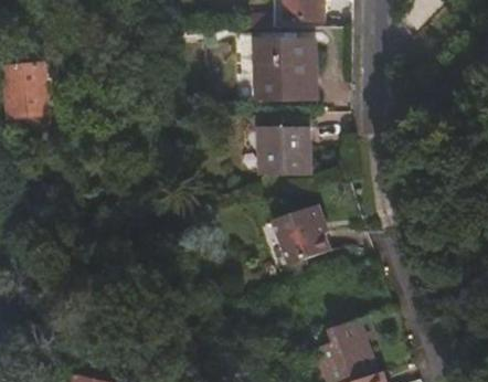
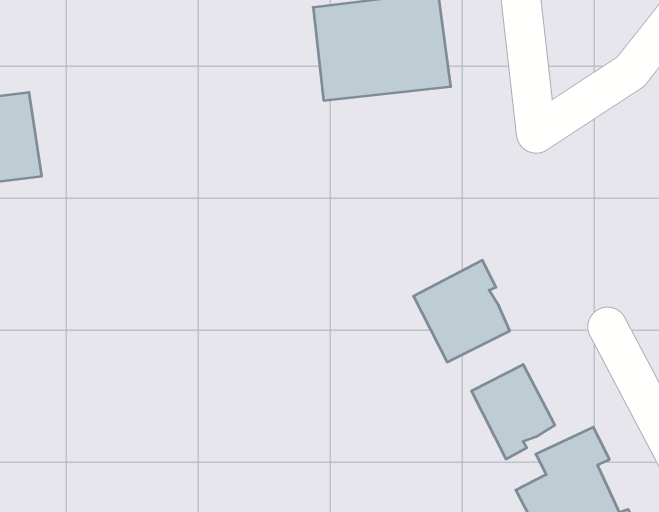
building: [255,126,306,177] -> none
building: none -> [472,364,555,459]

